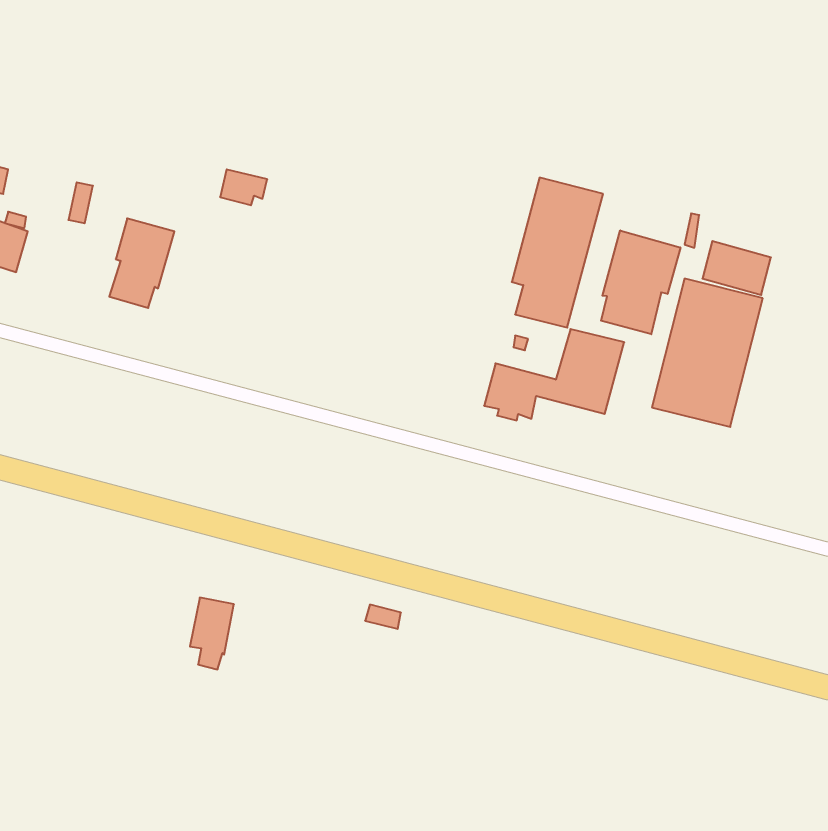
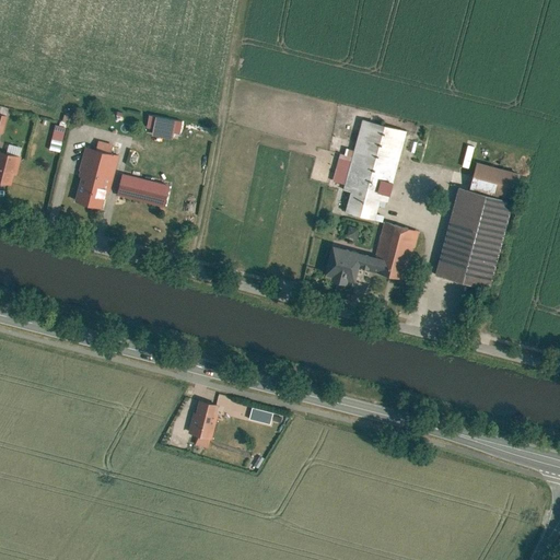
building: [601,230,680,334] -> none
building: none -> [116,178,165,207]
building: [190,598,234,669] -> [188,398,218,446]

